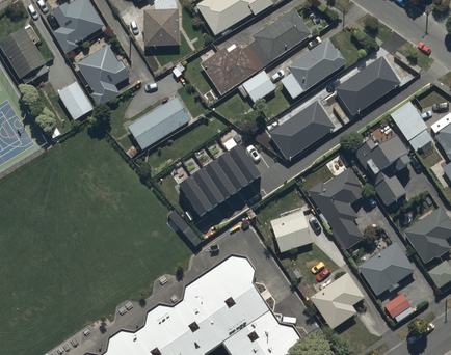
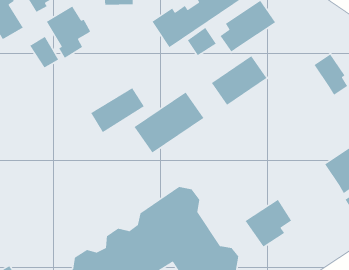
building: [335,57,401,116] -> none
building: [126,94,190,148] -> [90,87,145,133]
building: [352,133,410,207] -> none
building: [306,166,364,250] -> none
building: [270,209,313,251] -> none
building: [357,240,416,294] -> none
building: [383,292,412,319] -> none

